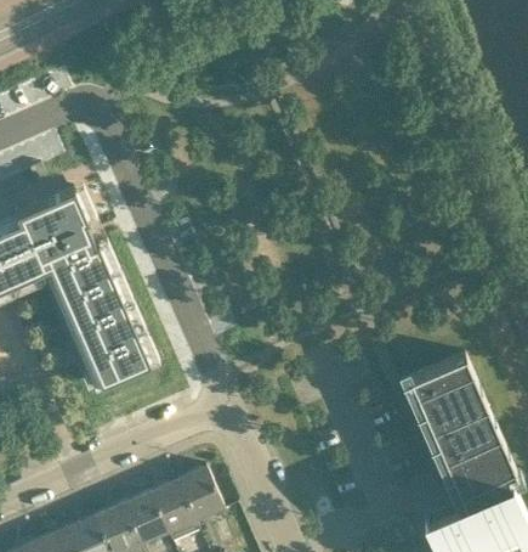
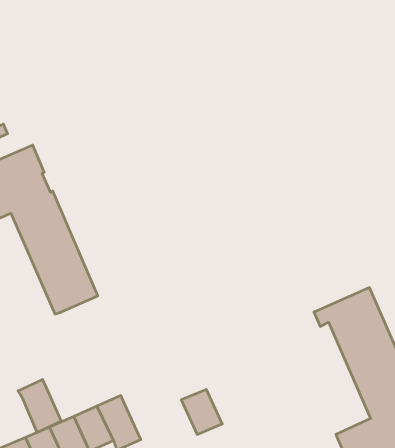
building: none -> [18,379,61,432]
building: [172,468,220,520] -> [181,389,222,434]

